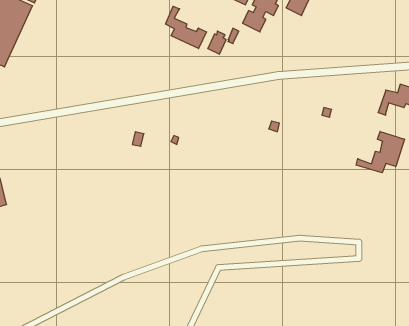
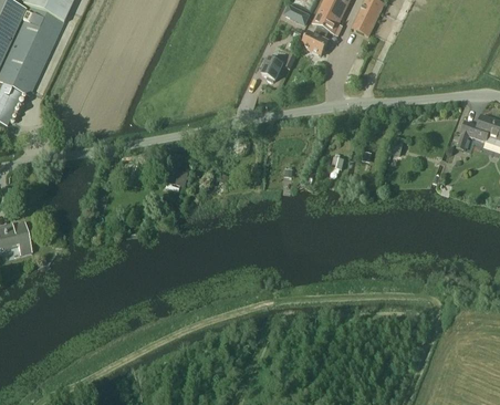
building: [165,6,206,49] -> none
building: [356,131,404,173] -> none

